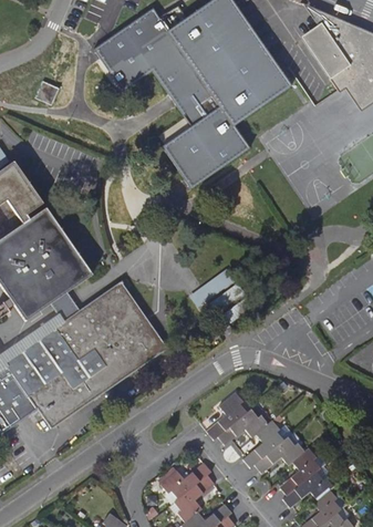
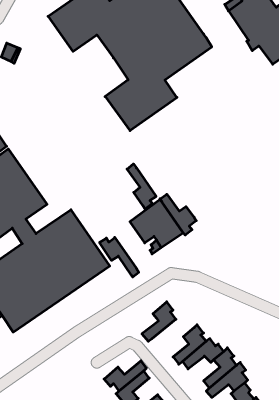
building: none -> [127,164,156,209]
building: none -> [160,194,196,235]
building: none -> [100,237,139,277]
building: [218,407,269,444] -> none

